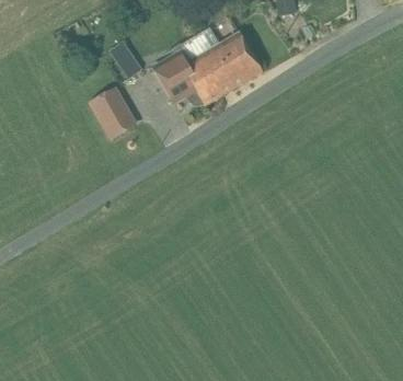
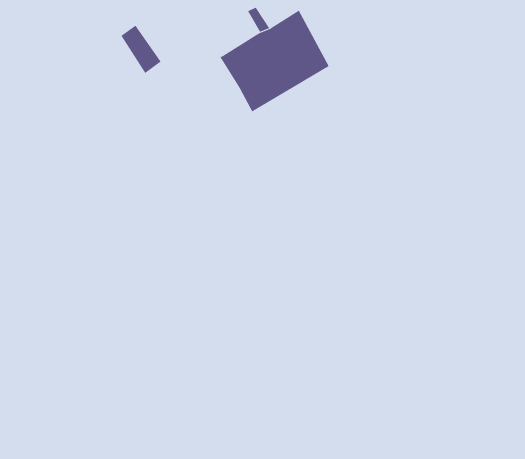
building: [154,53,196,101] -> none
building: [91,90,134,137] -> none

